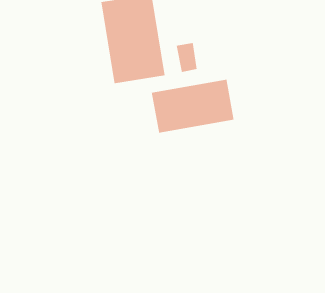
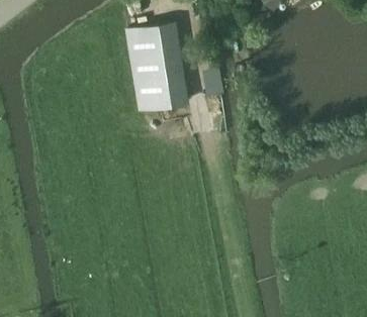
building: [151,79,234,134] -> none

